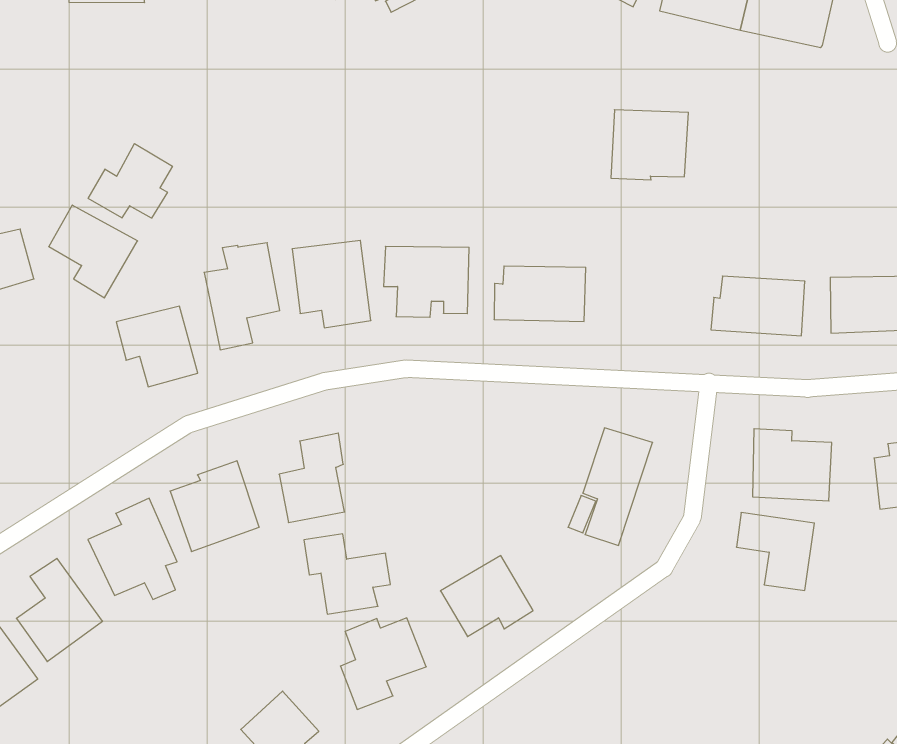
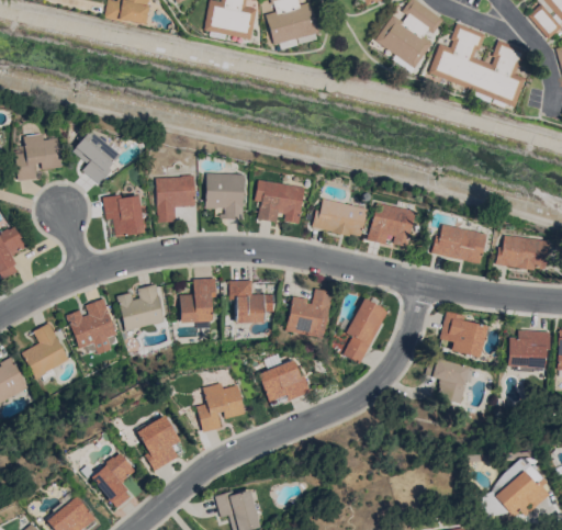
building: [611,110,688,180] -> [367,203,415,246]
building: [88,144,172,218] -> none
building: none -> [286,287,333,338]
building: [304,534,390,614] -> [231,280,274,323]

